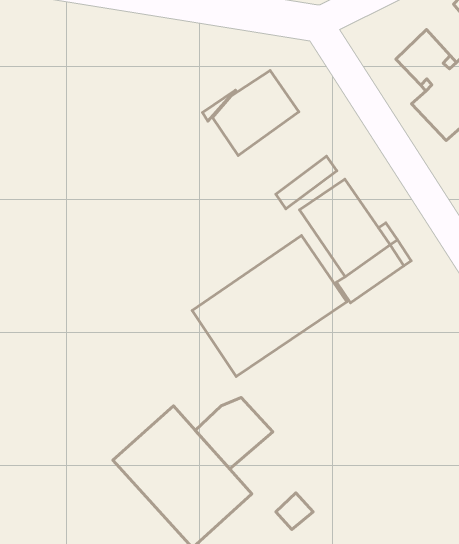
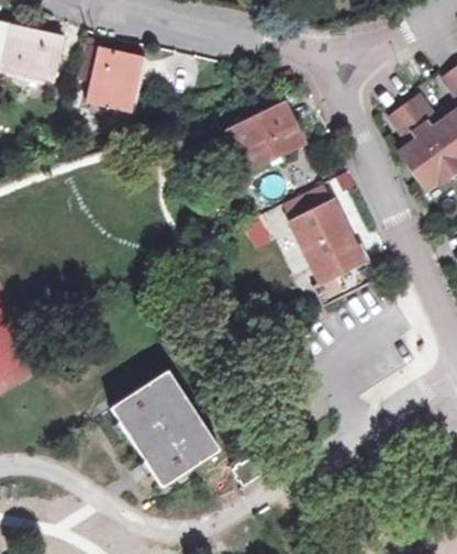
building: none -> [78,45,146,108]
building: [192,235,347,376] -> none
building: [195,397,273,469] -> none

